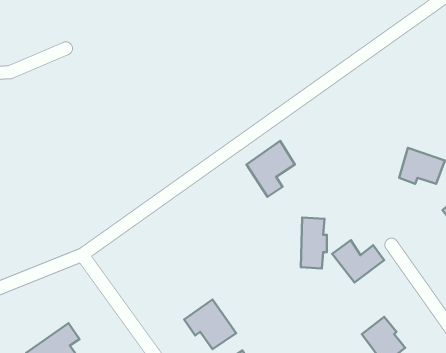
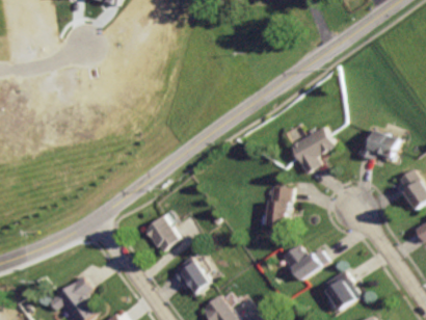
building: [246,141,295,197] -> [291,127,331,174]
building: [332,240,384,282] -> [287,247,330,283]
building: none -> [147,218,182,252]

